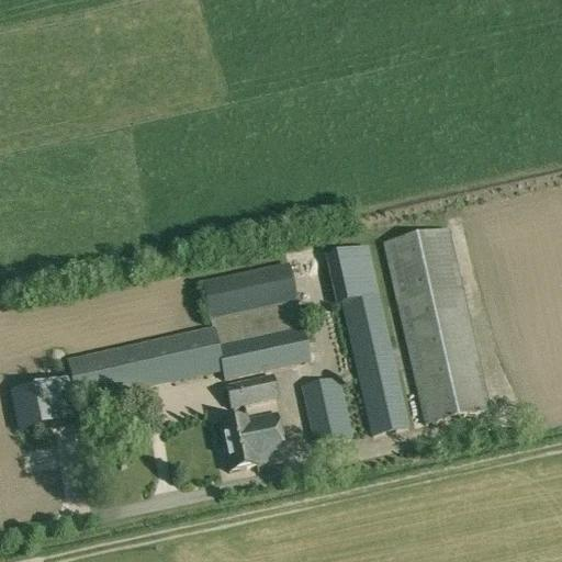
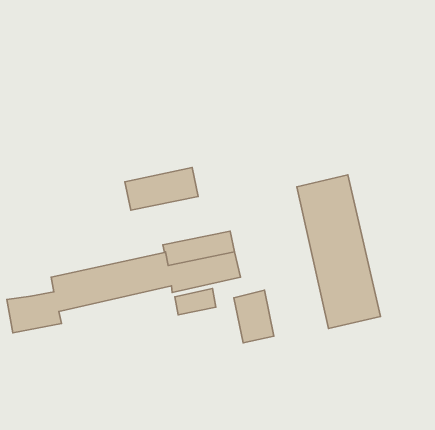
building: [325,244,411,432] -> none
building: [203,260,297,315] -> [125,167,198,210]
building: [218,409,288,469] -> none

